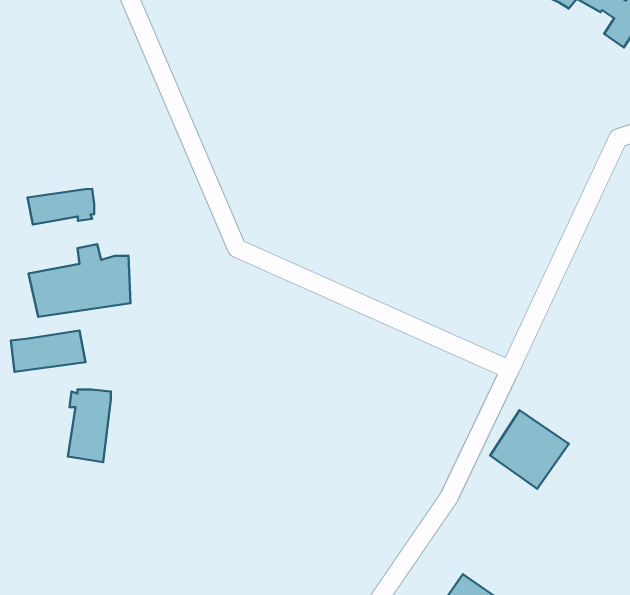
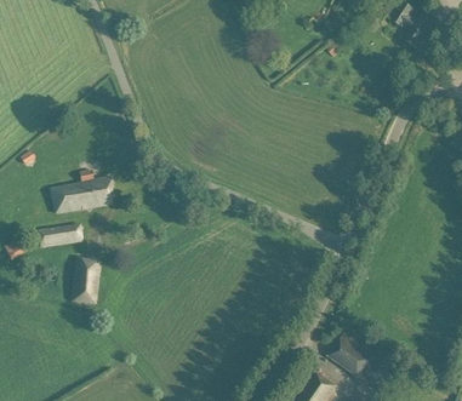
building: [28,189,94,224] -> none
building: [490,410,569,489] -> [329,328,377,377]

